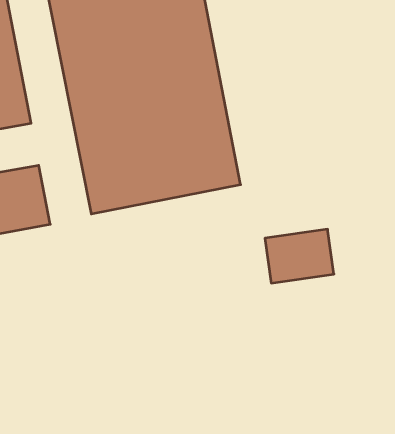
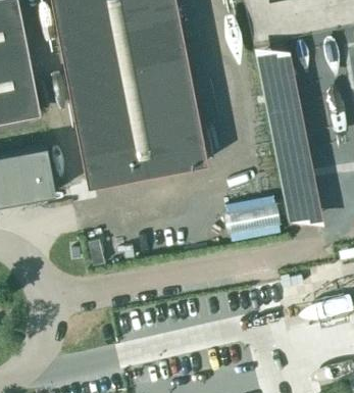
building: none -> [259,56,323,232]

